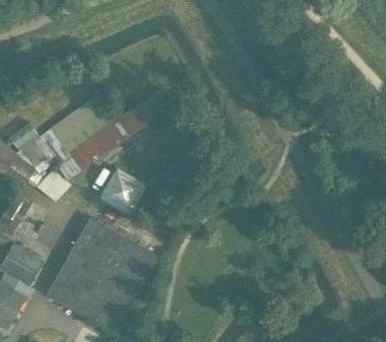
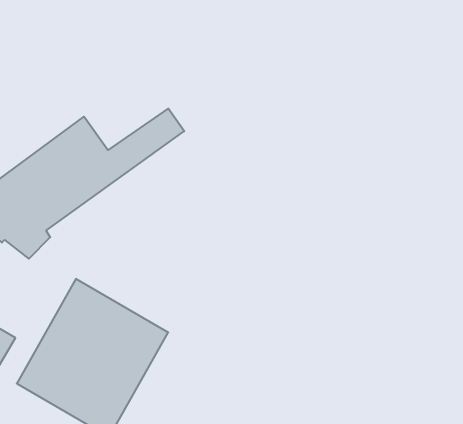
building: [99,166,146,214] -> none

